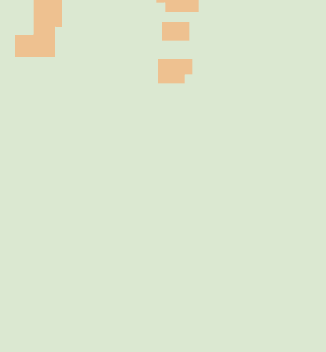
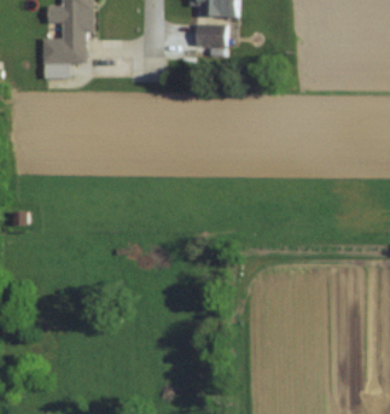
building: [157,58,193,84] -> none

